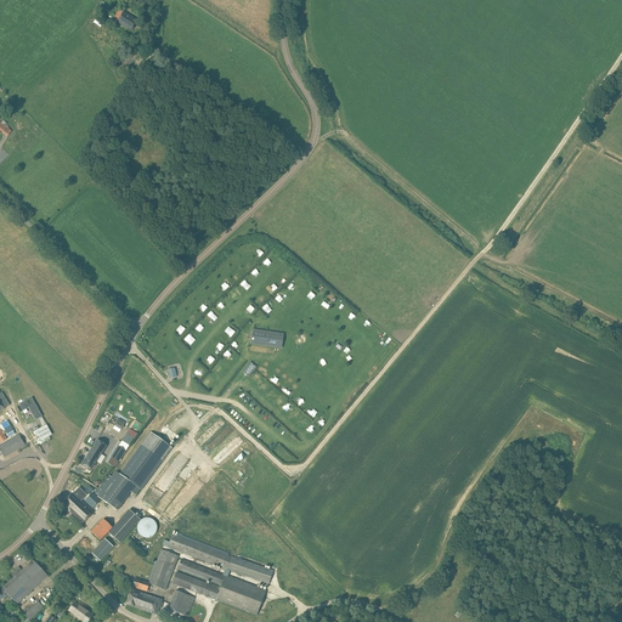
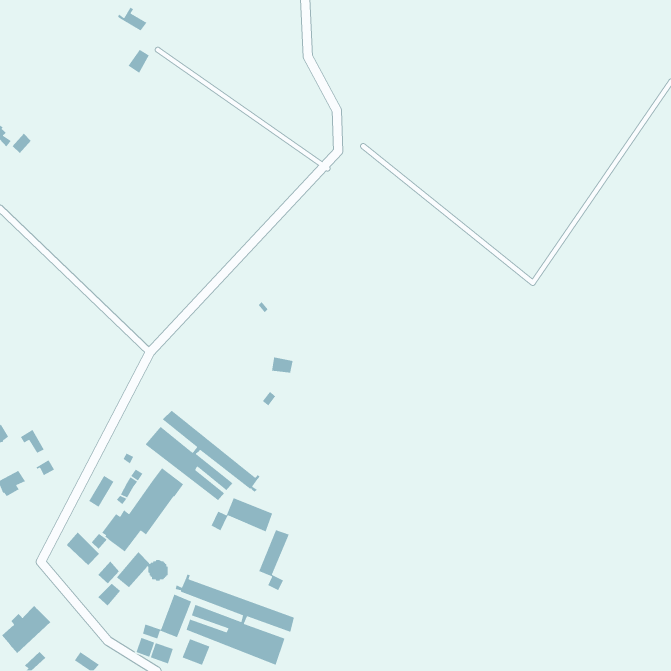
building: none -> [144,410,261,501]
building: none -> [211,497,273,532]
building: none -> [258,529,290,591]

